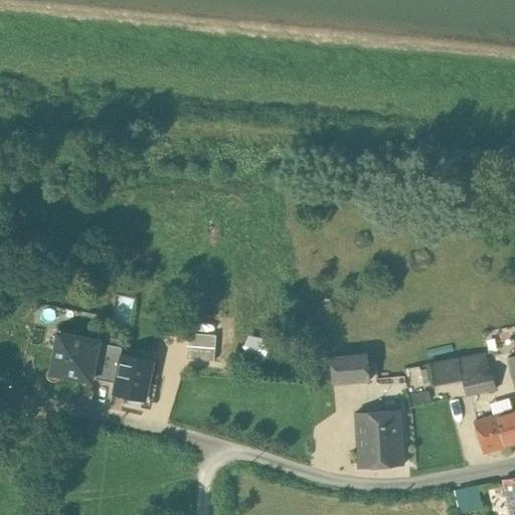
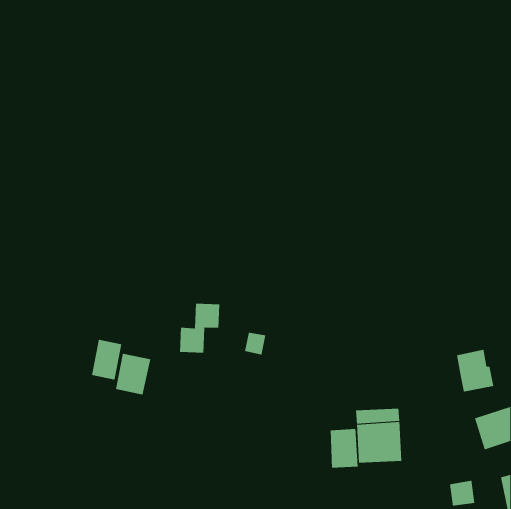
building: [51,334,100,381] -> none
building: [331,355,369,386] -> none
building: [431,359,463,386] -> none
building: none -> [330,428,358,468]

